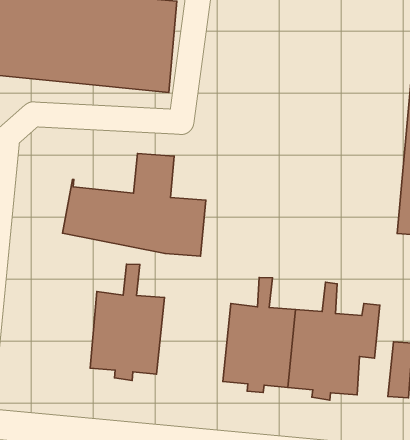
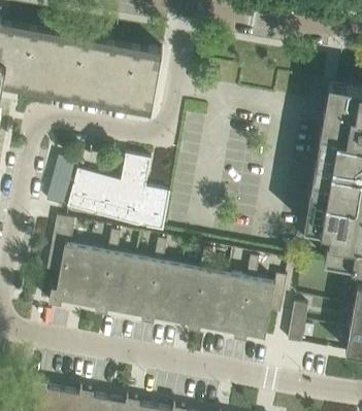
building: none -> [45,157,77,207]
building: none -> [45,216,87,305]
building: none -> [124,240,180,322]

